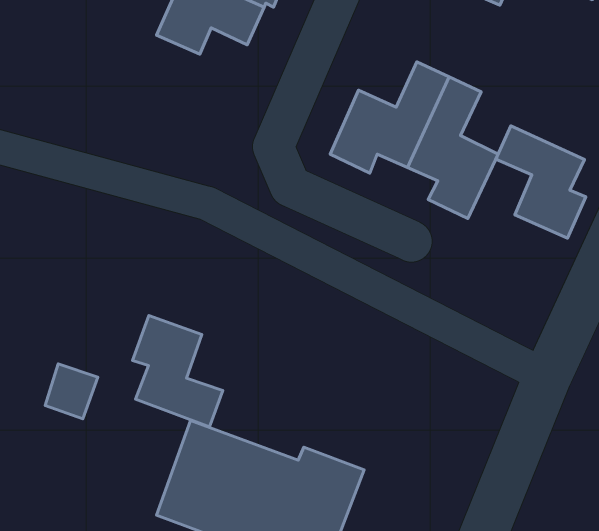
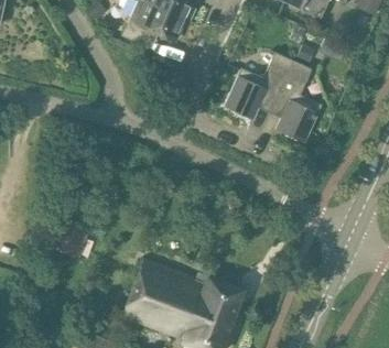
building: [496,126,586,238] -> none
building: [132,316,223,427] -> none

